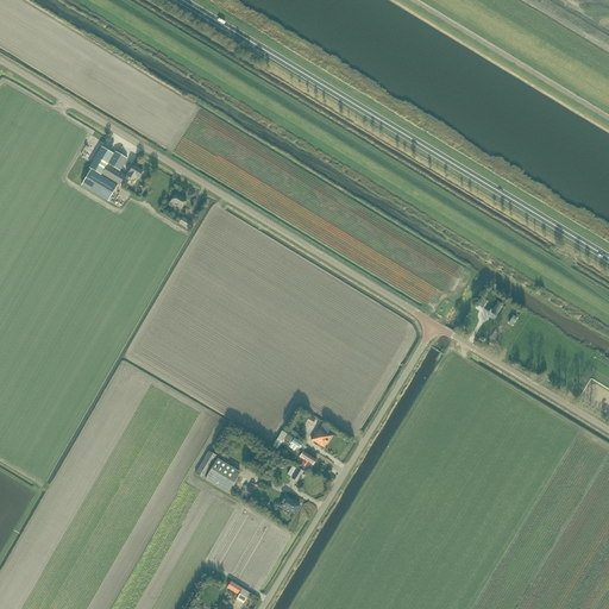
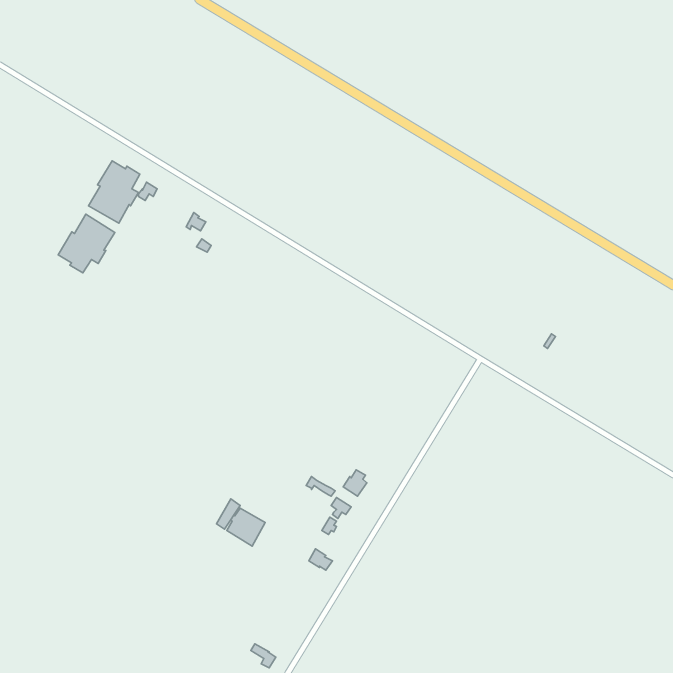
building: none -> [58,214,115,273]

